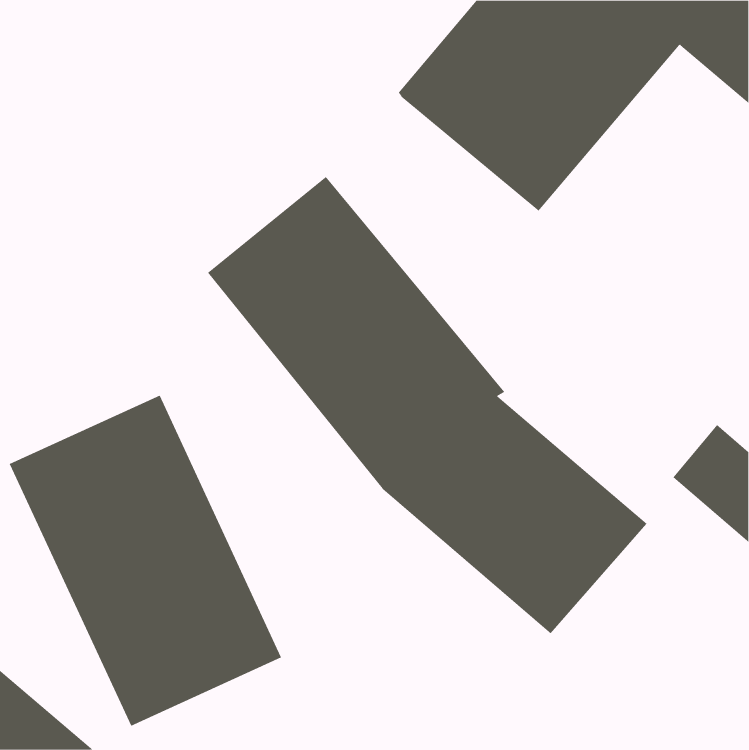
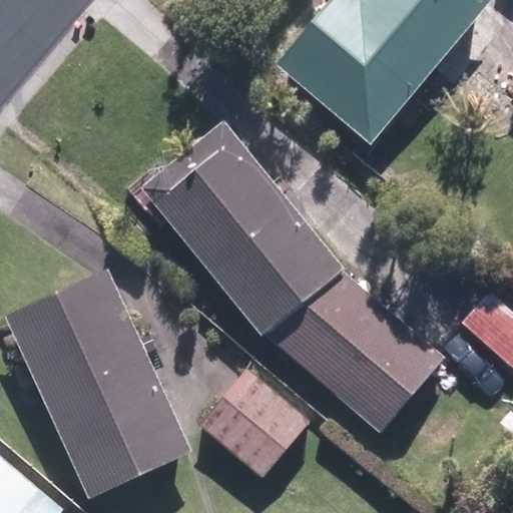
building: none -> [201,371,311,480]

